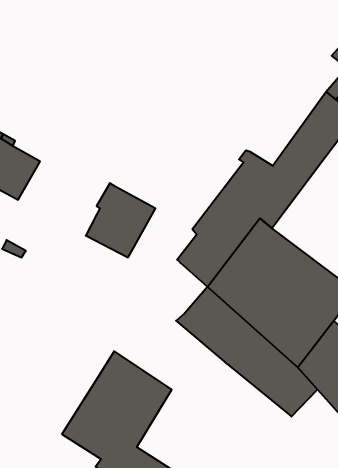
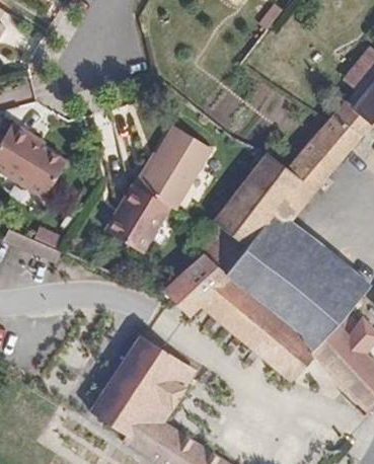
building: none -> [144,124,219,206]
building: none -> [160,255,230,318]

